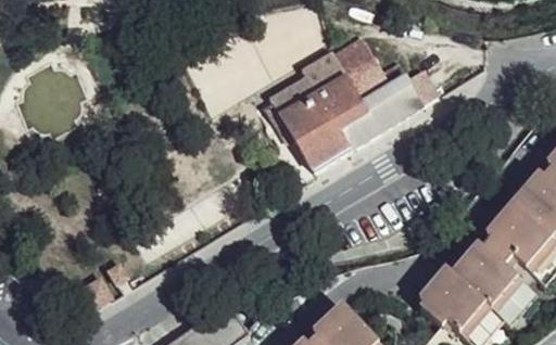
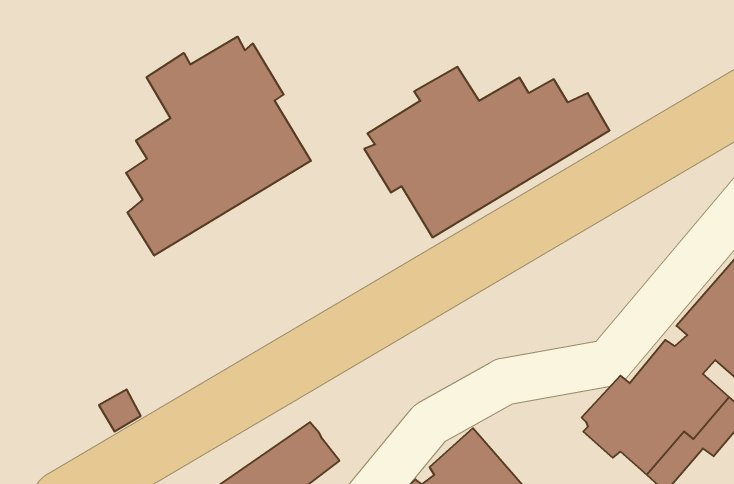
building: none -> [126,37,311,256]

